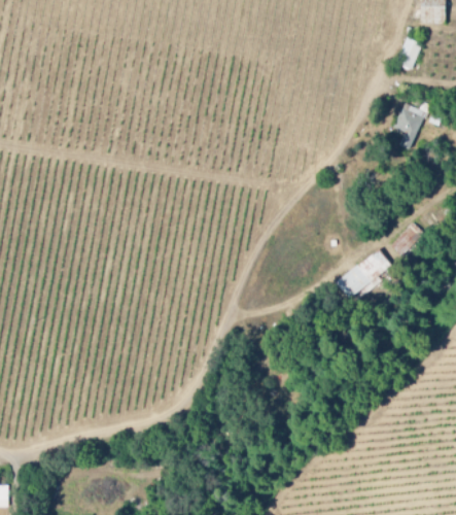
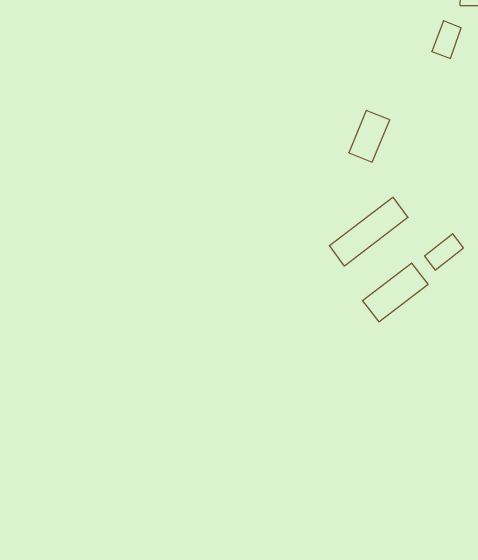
building: [390,104,426,149] -> [349,110,390,162]
building: none -> [329,197,408,266]

